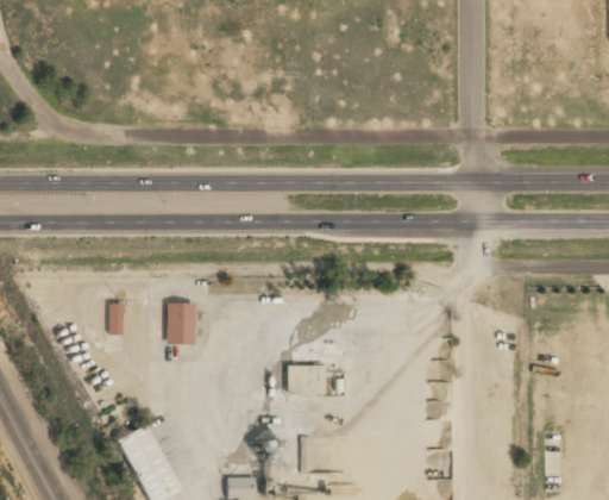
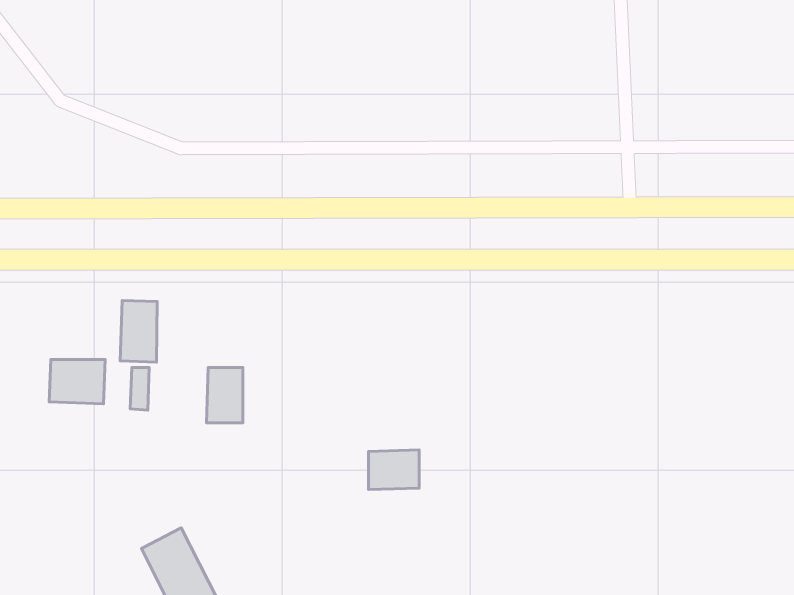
building: none -> [120,300,157,362]
building: none -> [49,360,105,404]

